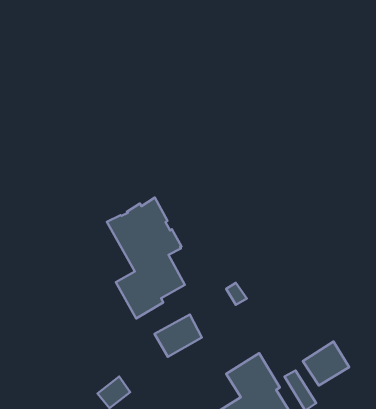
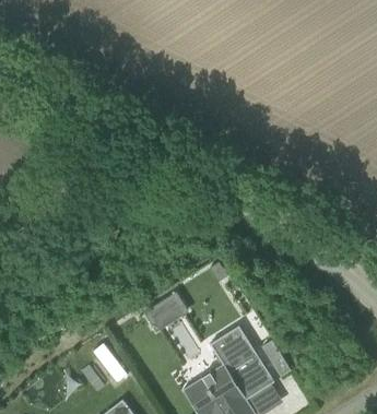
building: [107,198,185,318] -> none
building: [303,342,349,386] -> none

